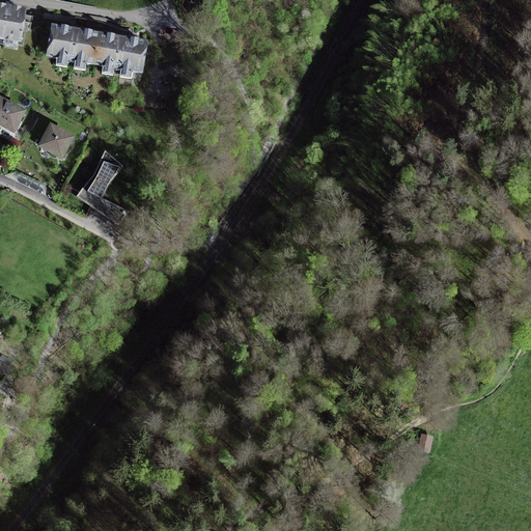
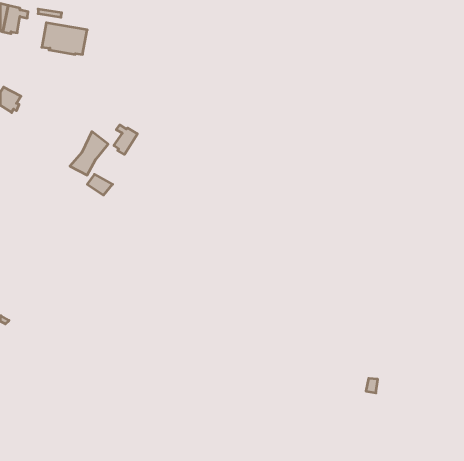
building: [94,34,145,71] -> none
building: [41,125,72,156] -> none
building: none -> [114,125,137,154]

